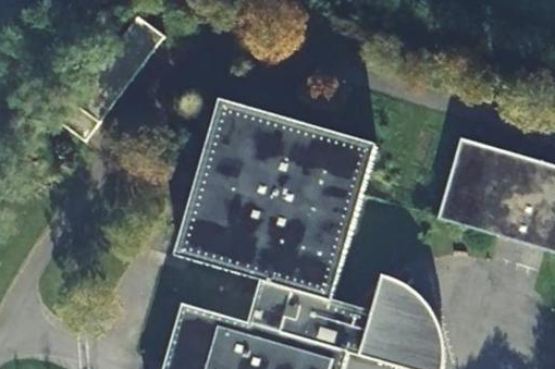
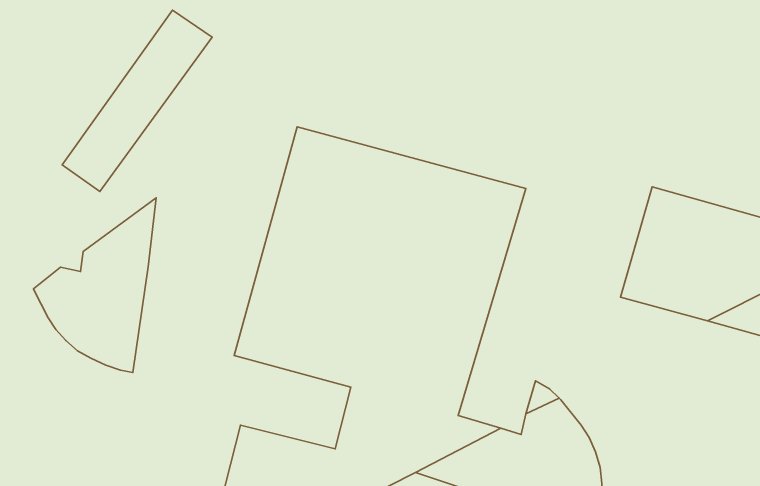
building: none -> [33,198,156,373]

